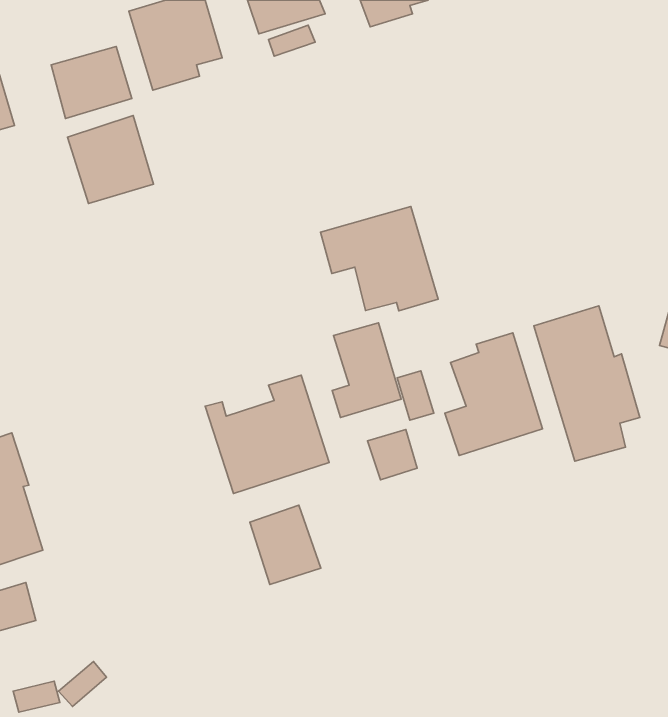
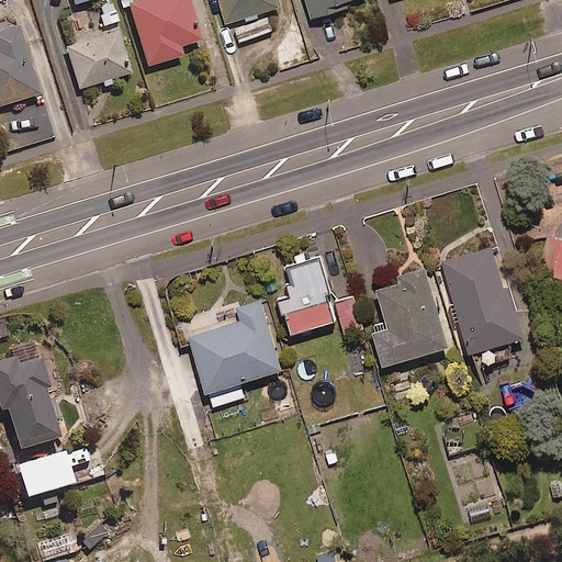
building: [68,116,153,203] -> none
building: [321,206,438,311] -> none
building: [368,429,417,480] -> none
building: [250,505,321,584] -> none

